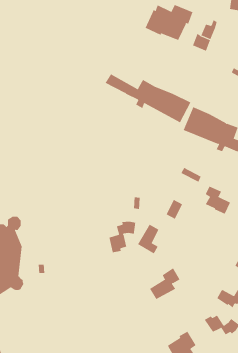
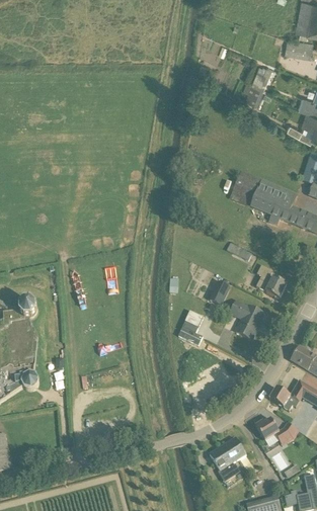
building: [145,4,193,42] -> none
building: [105,74,191,123] -> none
building: none -> [230,302,263,339]
building: [109,221,136,253] -> none

